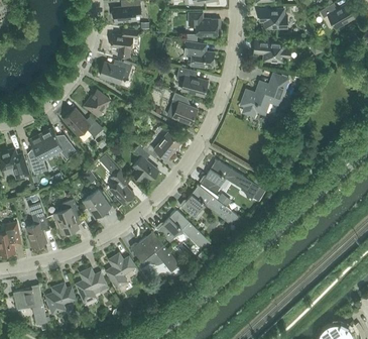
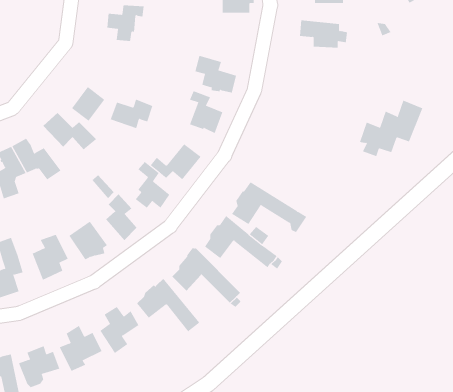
building: [182,41,214,68] -> none
building: [99,61,131,83] -> [110,99,153,129]
building: [240,74,287,116] -> [359,100,423,157]

